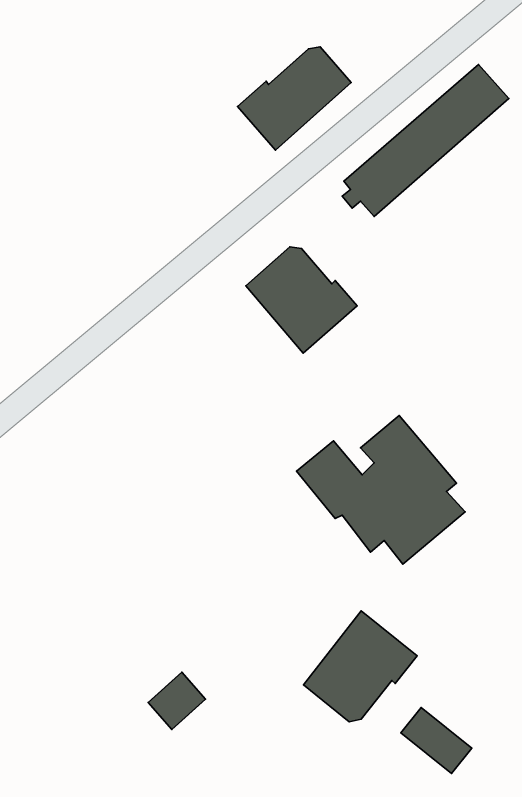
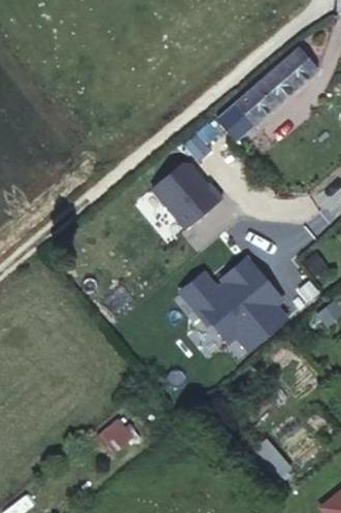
building: [237,47,351,150] -> none
building: [304,611,417,722] -> none

